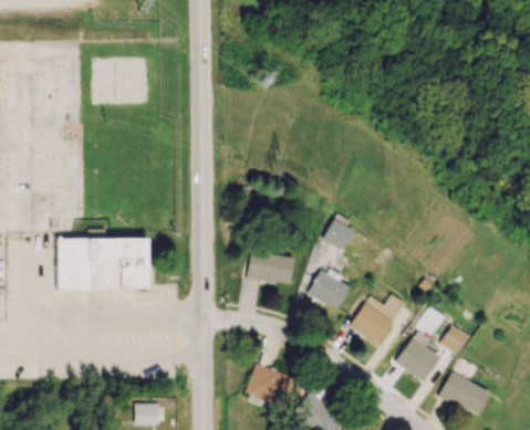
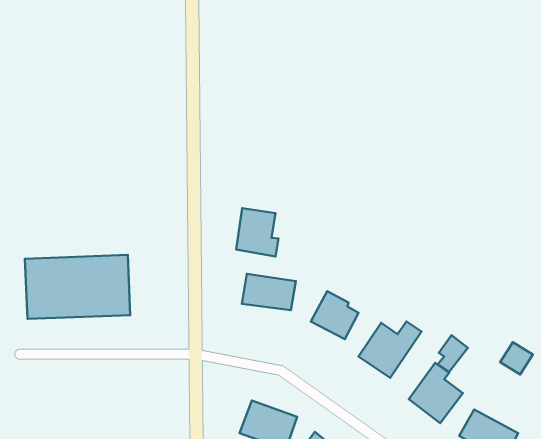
building: none -> [236,208,279,256]
building: [323,216,356,250] -> none
building: [439,325,468,354] -> [500,342,533,375]

